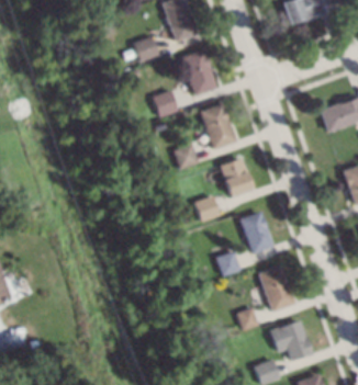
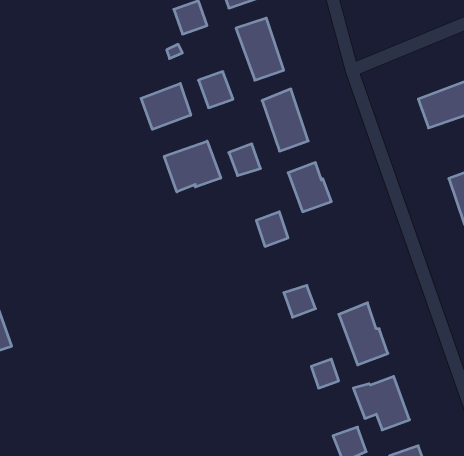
building: none -> [141,83,191,129]
building: none -> [164,141,221,192]
building: [239,211,273,253] -> none

